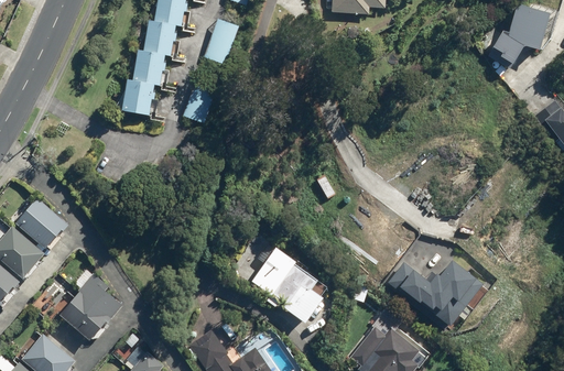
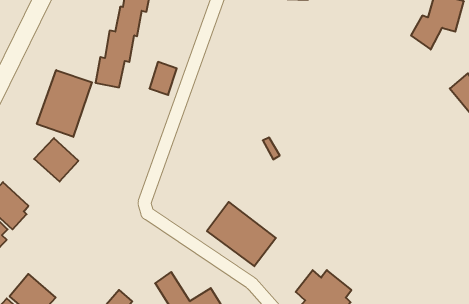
building: [204,18,240,64] -> none
building: none -> [37,70,92,137]
building: [14,196,66,247] -> [34,138,78,182]
building: [389,261,484,330] -> none
building: [58,268,121,339] -> none

